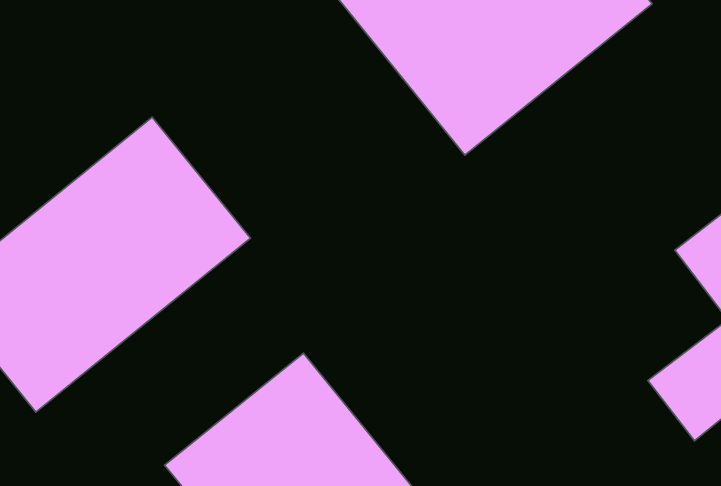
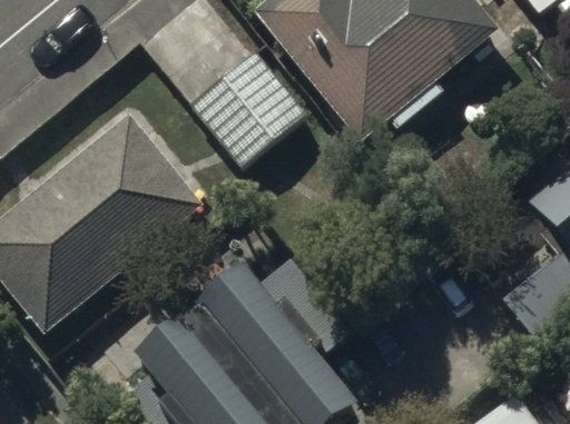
building: none -> [187,55,306,174]

